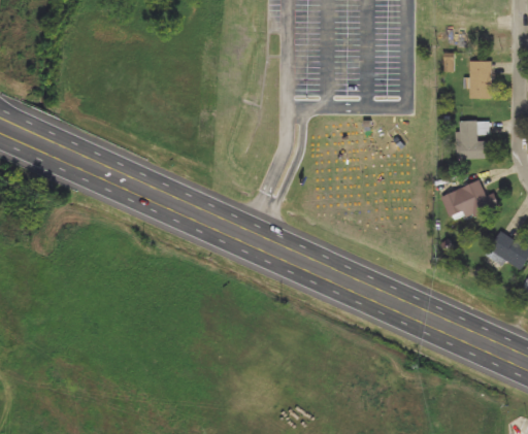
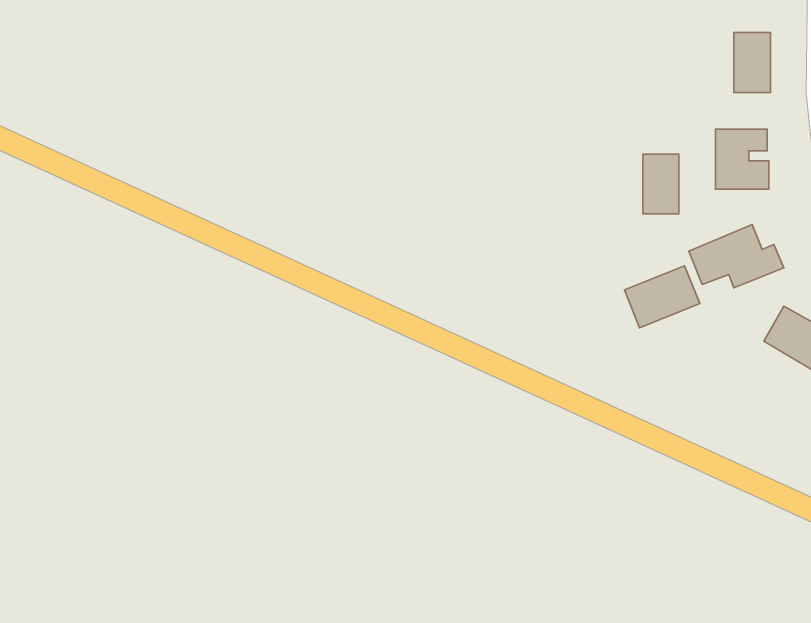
building: none -> [643,154,679,214]
building: none -> [624,266,700,328]

